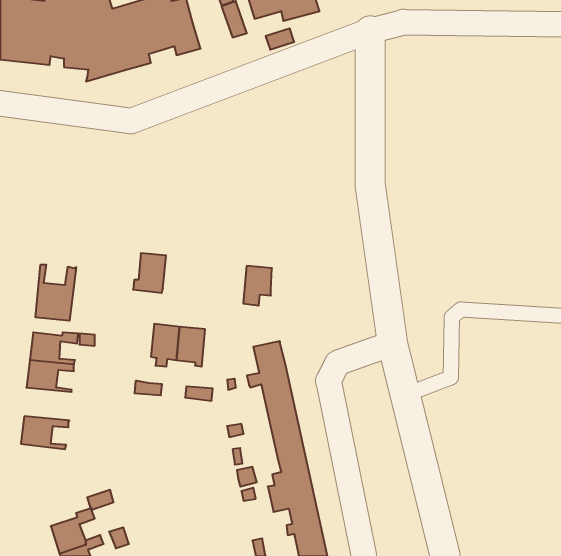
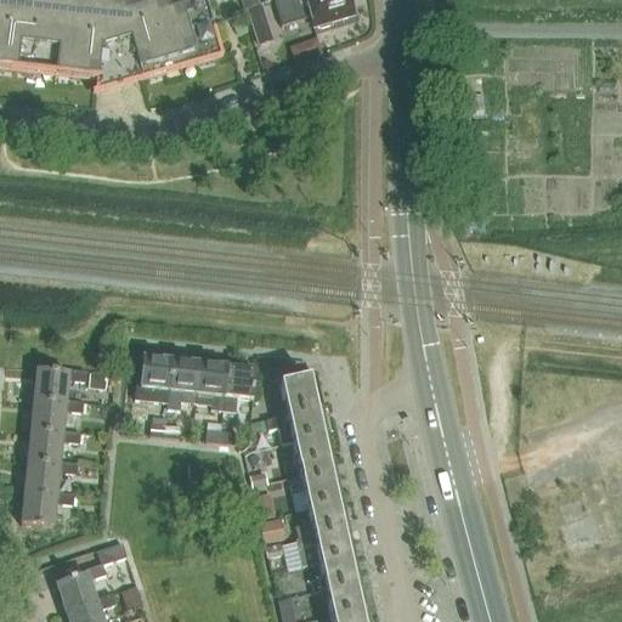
building: [133,253,166,293] -> [136,355,173,398]
building: [36,265,76,321] -> none
building: [243,266,272,306] -> [225,363,256,407]
building: none -> [29,428,81,464]
building: none -> [23,490,74,525]

